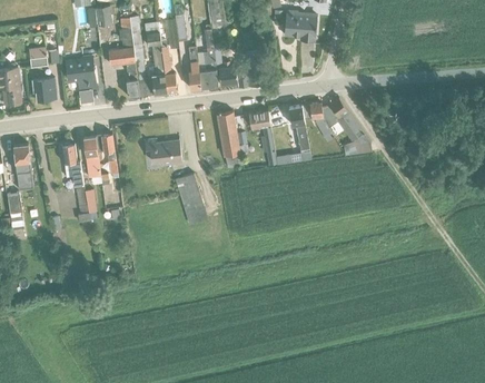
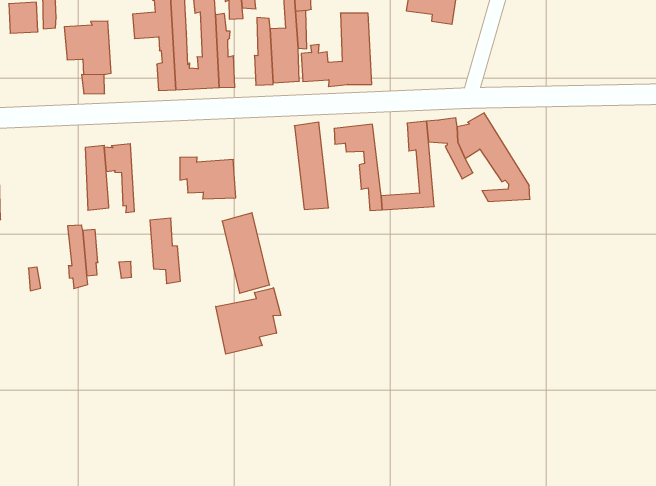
building: [31,77,58,102] -> none
building: [61,144,83,186] -> [150,218,180,284]
building: none -> [216,288,281,354]

